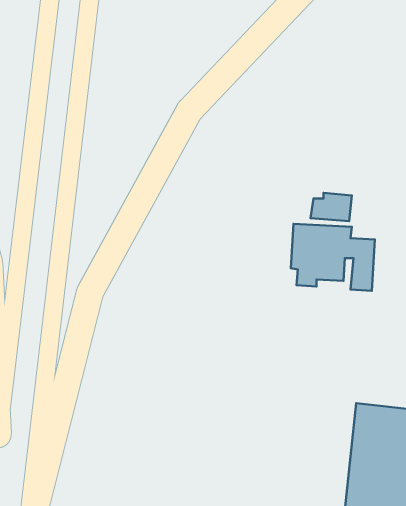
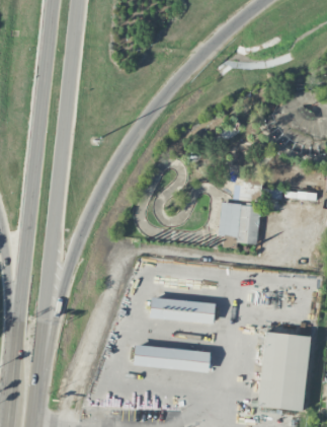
building: none -> [151,298,216,323]
building: none -> [134,344,211,372]

